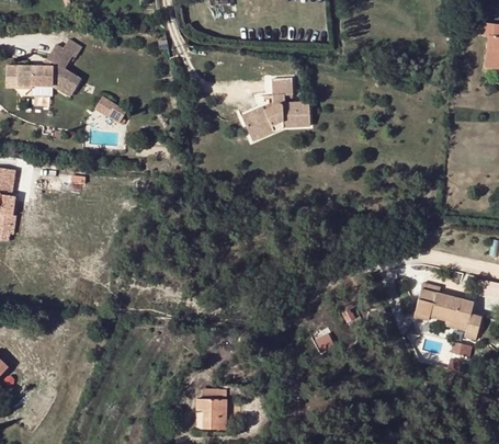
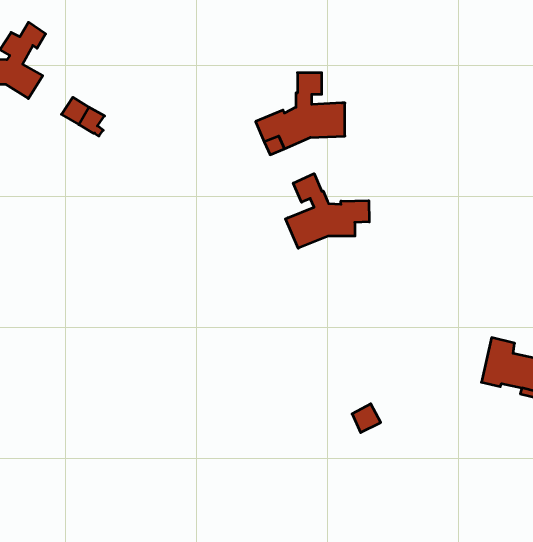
building: none -> [285,174,369,248]
building: [202,397,225,428] -> none

